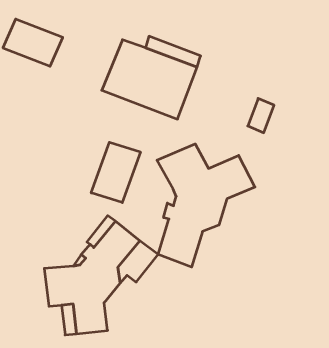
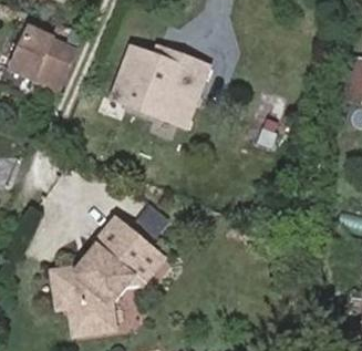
building: [91,142,140,203] -> none
building: [157,144,255,267] -> none

